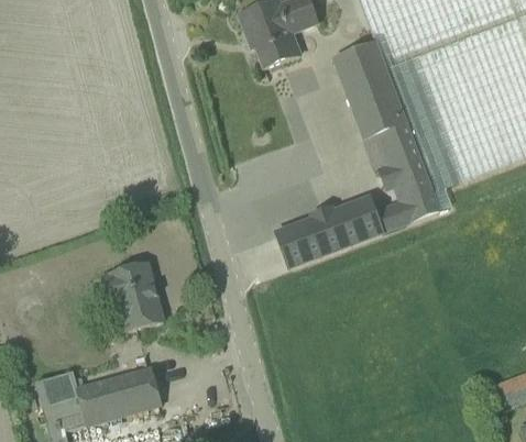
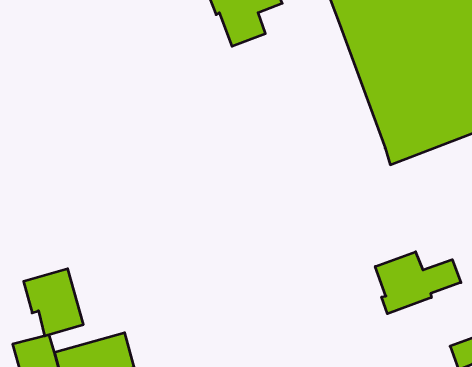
building: [274,42,438,268] -> none
building: [101,262,164,332] -> [24,269,83,336]
building: none -> [375,252,461,314]

